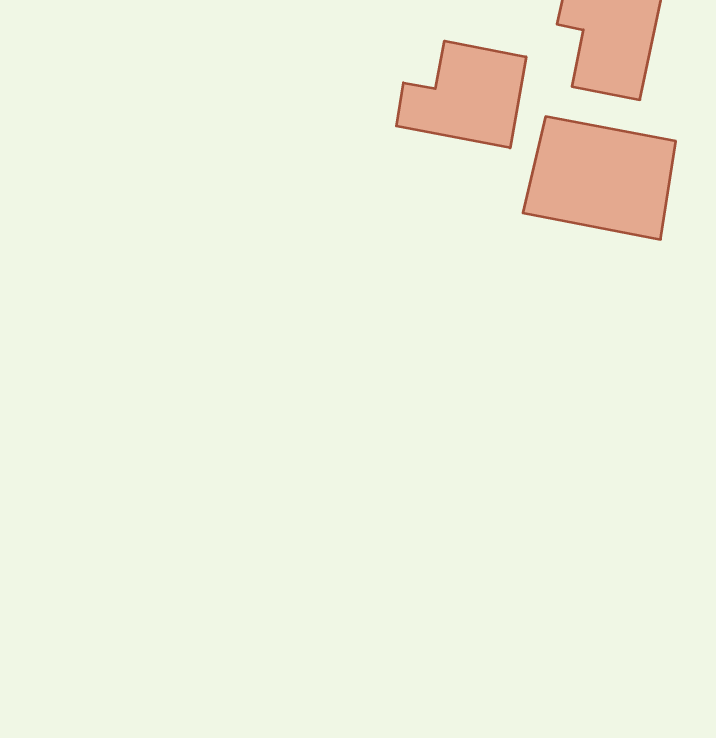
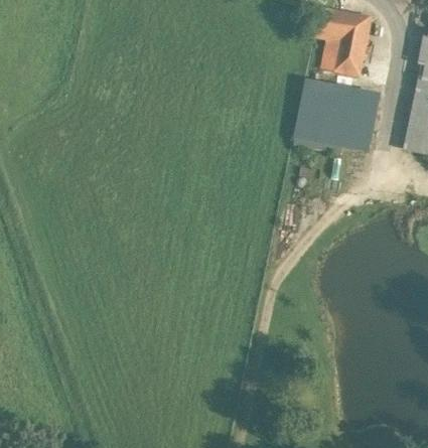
building: [396,41,526,148] -> none

